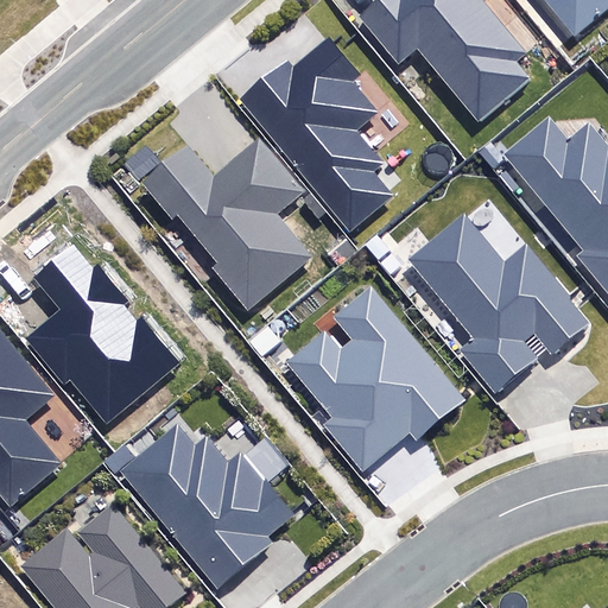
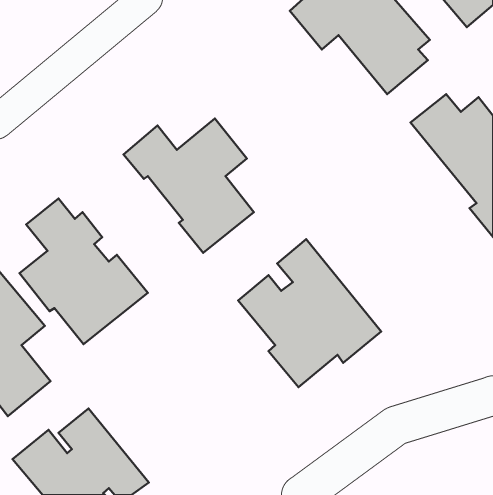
building: [236,33,391,230] -> none
building: [412,220,591,397] -> none
building: [127,431,296,591] -> none

